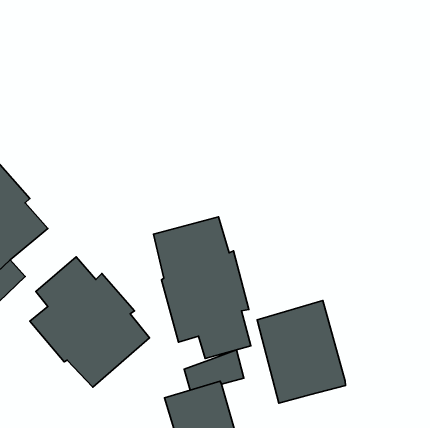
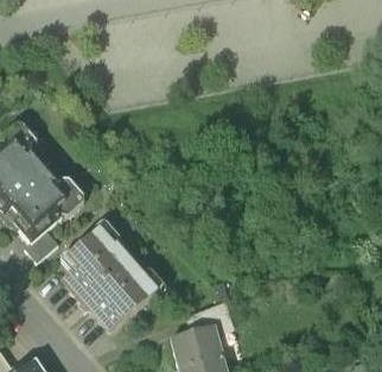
building: [154,217,251,359] -> none
building: [257,301,345,403] -> none

